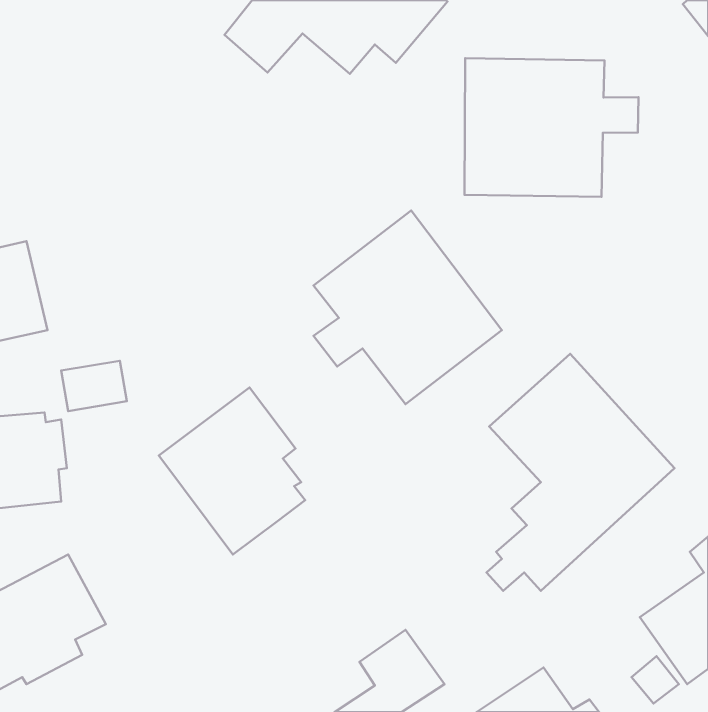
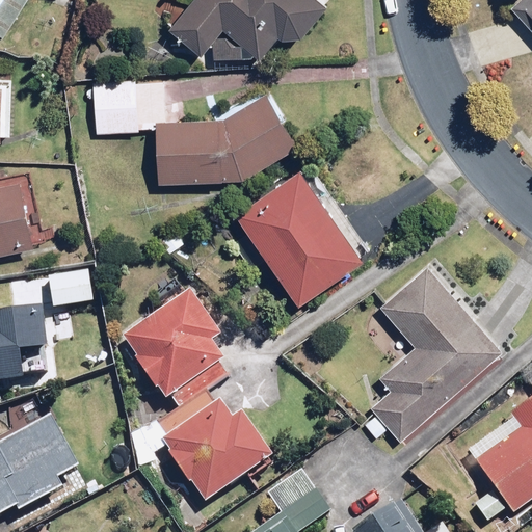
building: [465,58,638,197] -> none
building: none -> [94,81,300,181]
building: none -> [153,389,274,504]

